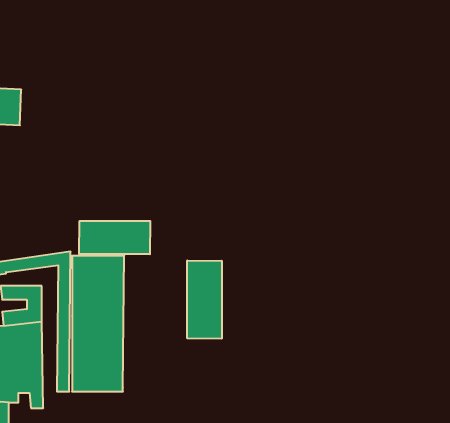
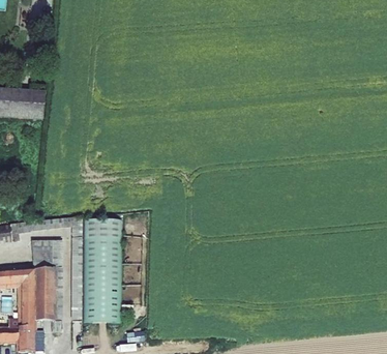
building: [79,221,150,254] -> none
building: [187,260,222,339] -> none

